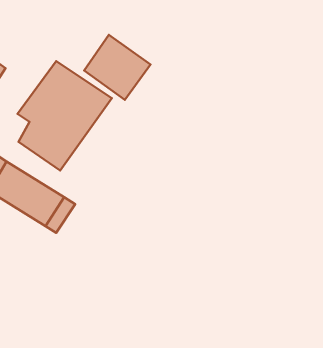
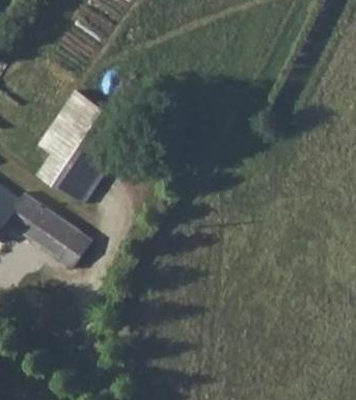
building: [84,35,151,100] -> none

